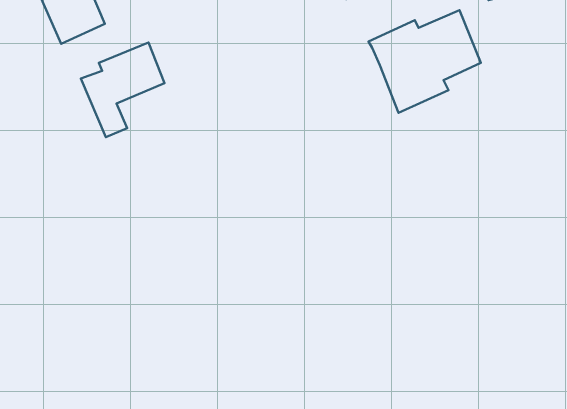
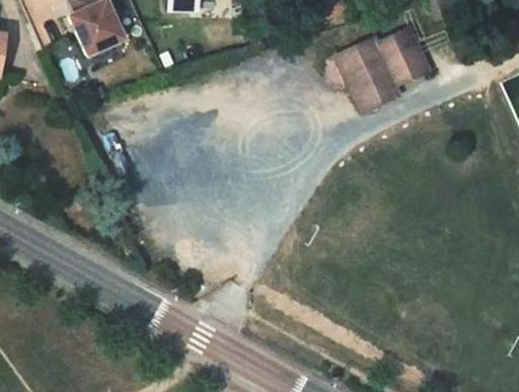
building: [81,42,164,137] -> none

